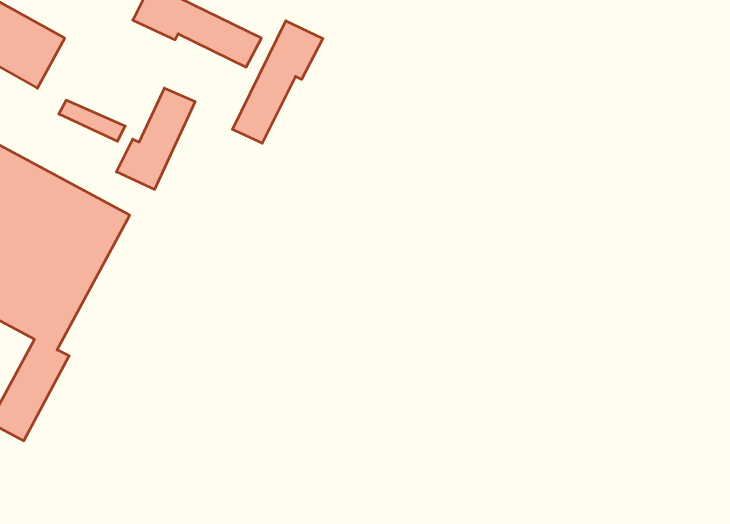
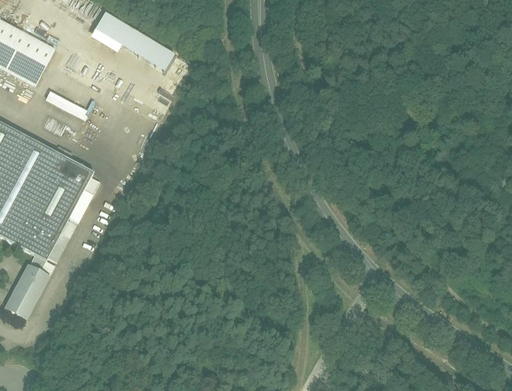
building: [232,21,323,143] -> none
building: [116,88,195,189] -> none

